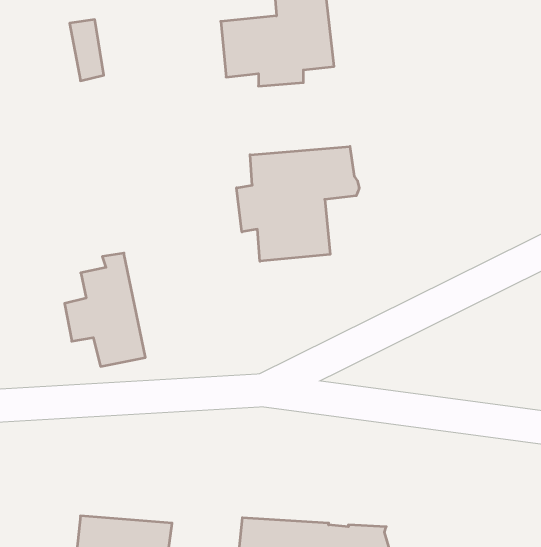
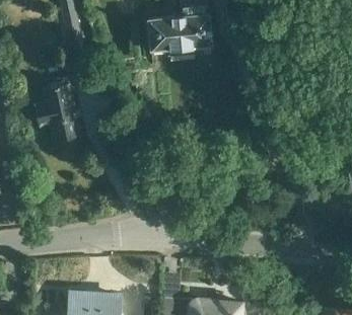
building: [237,146,359,261] -> none
building: [65,253,145,366] -> [33,76,79,140]

